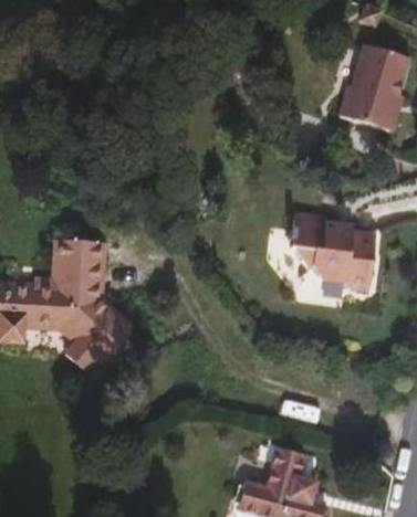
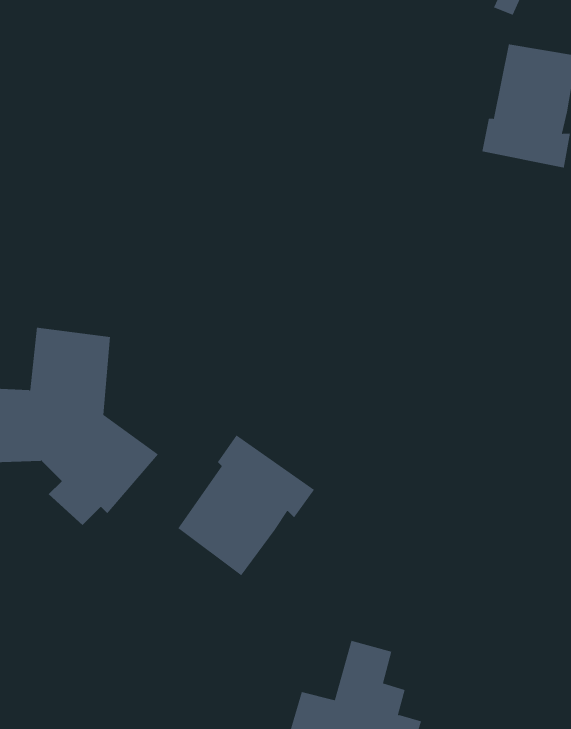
building: [285,217,375,291] -> none
building: none -> [177,434,315,576]

